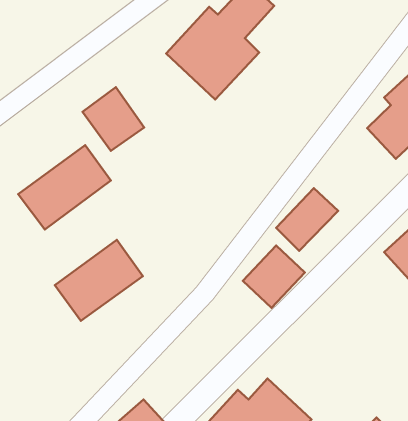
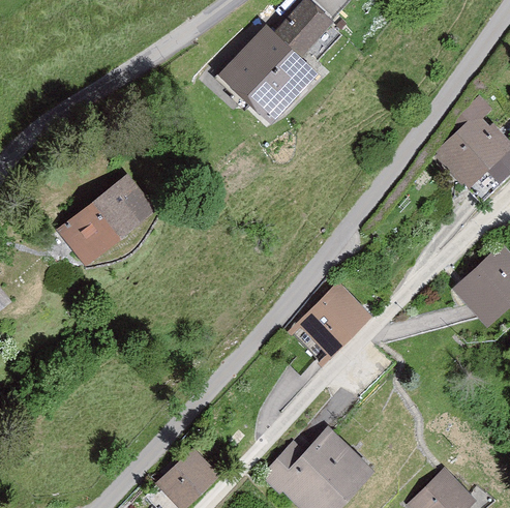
building: [82,87,144,151] -> none
building: [276,188,338,251] -> none
building: [55,240,143,321] -> none

